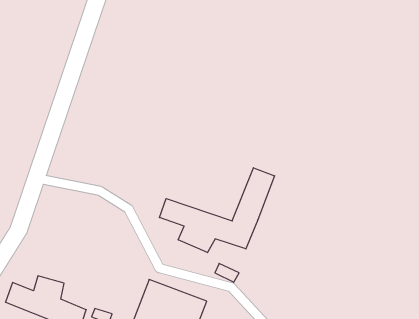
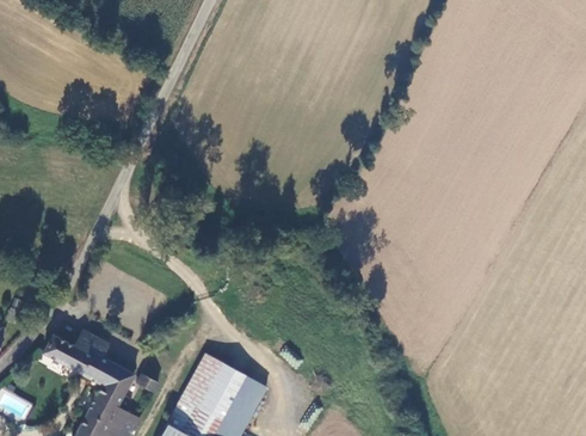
building: [159,168,275,253] -> none

